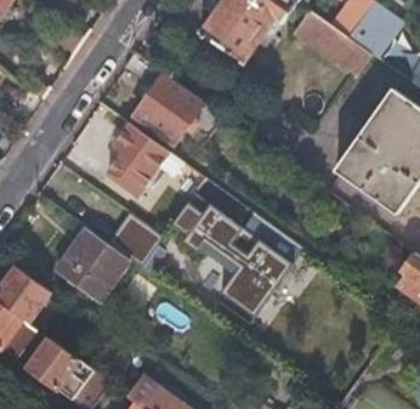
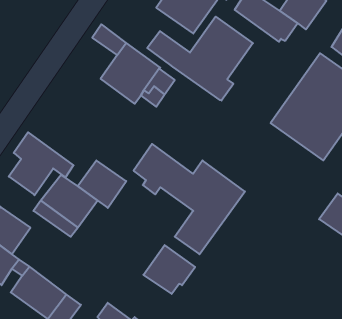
building: none -> [147,17,253,101]
building: [107,123,183,197] -> [9,132,74,195]
building: none -> [143,245,195,294]

